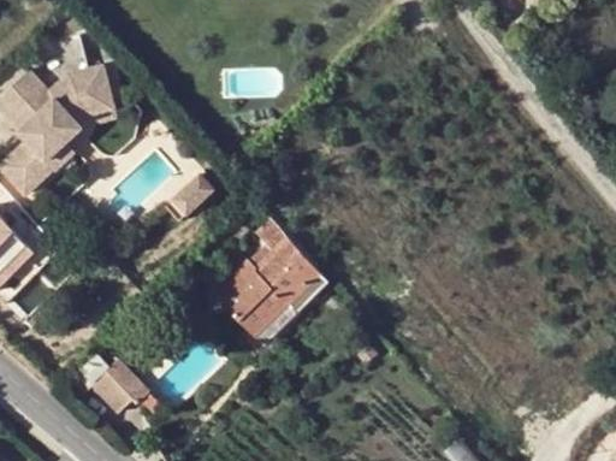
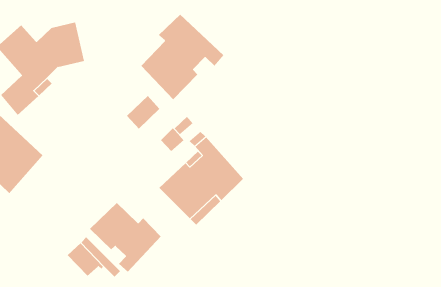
building: none -> [140,14,224,100]
building: none -> [89,202,161,272]

